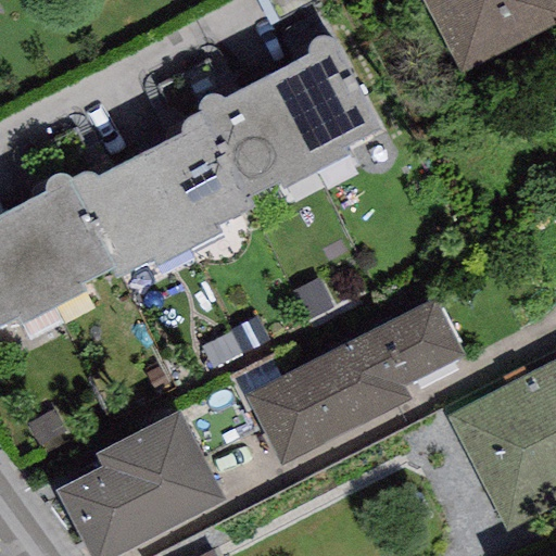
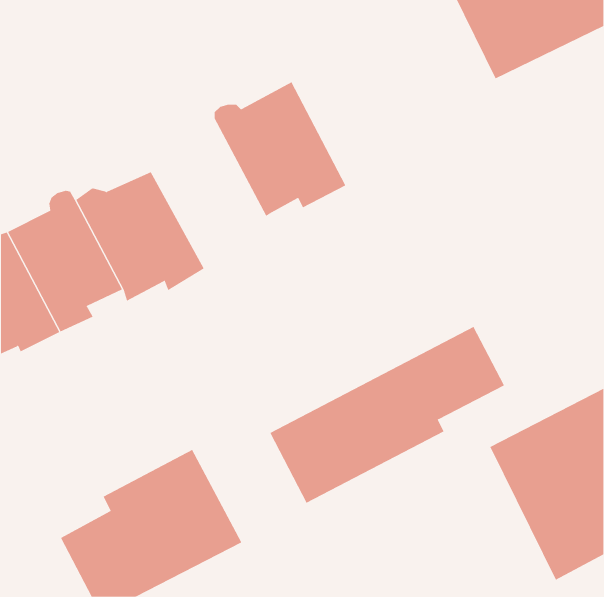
building: [268,33,378,170] -> none
building: [139,113,253,247] -> none

